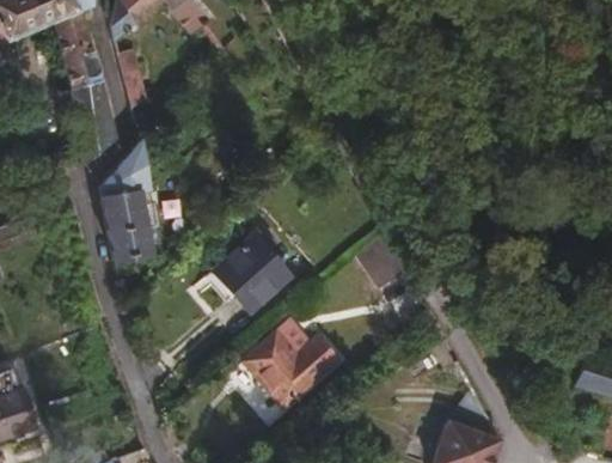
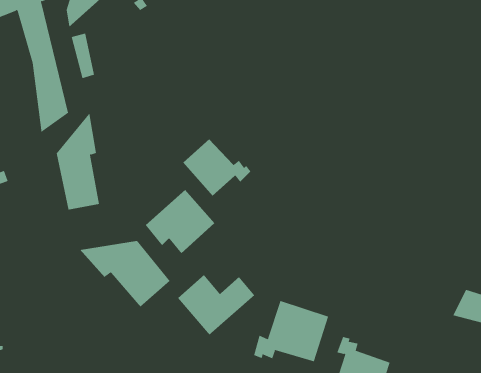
building: none -> [182,138,251,196]
building: none -> [79,240,170,307]
building: none -> [253,300,329,362]

